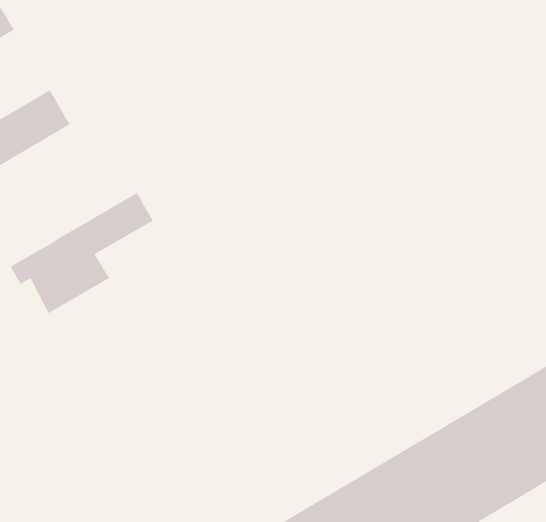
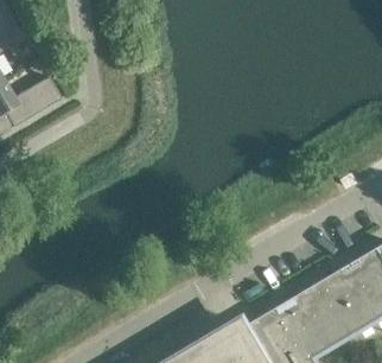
building: [10,192,154,314] -> none

